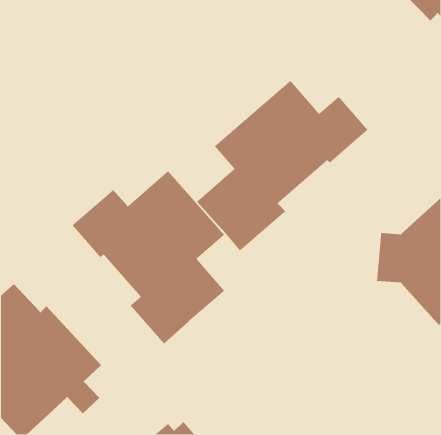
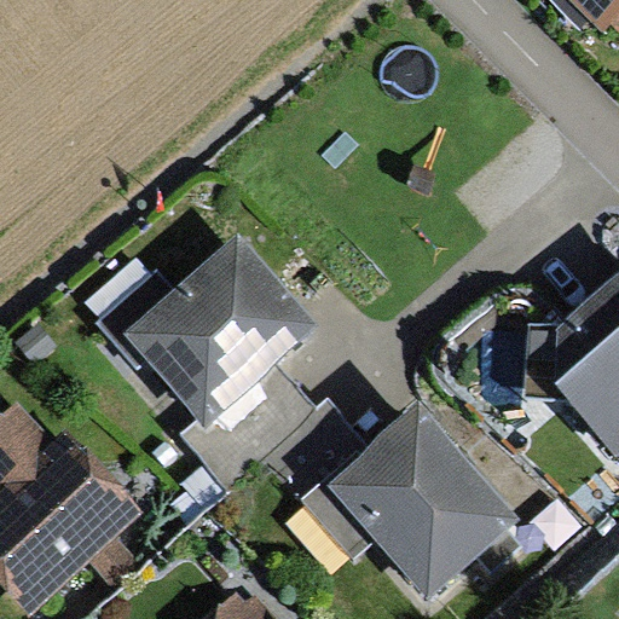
building: [196,80,368,252] -> none
building: none -> [266,398,522,602]

